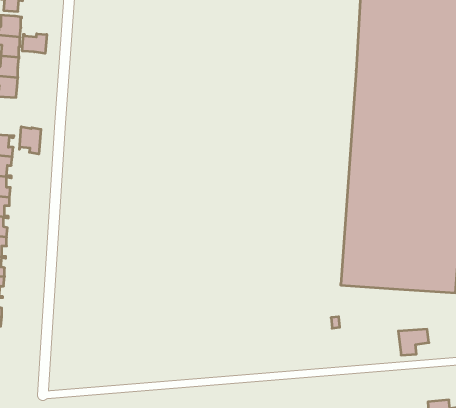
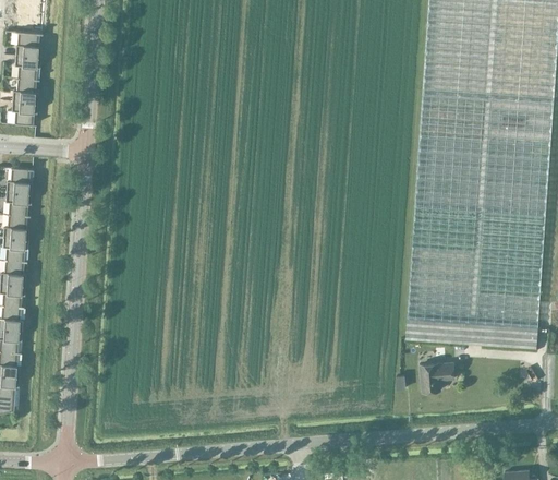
building: [22,34,47,53] -> none
building: [19,127,41,154] -> none
building: [398,329,429,355] -> [418,360,453,389]

